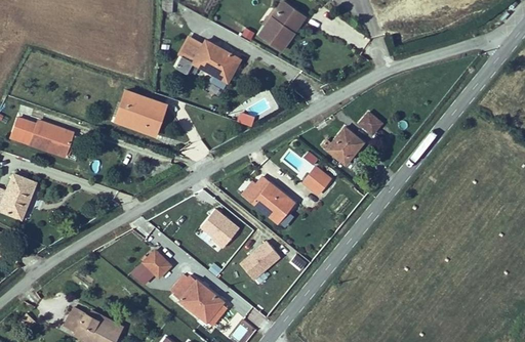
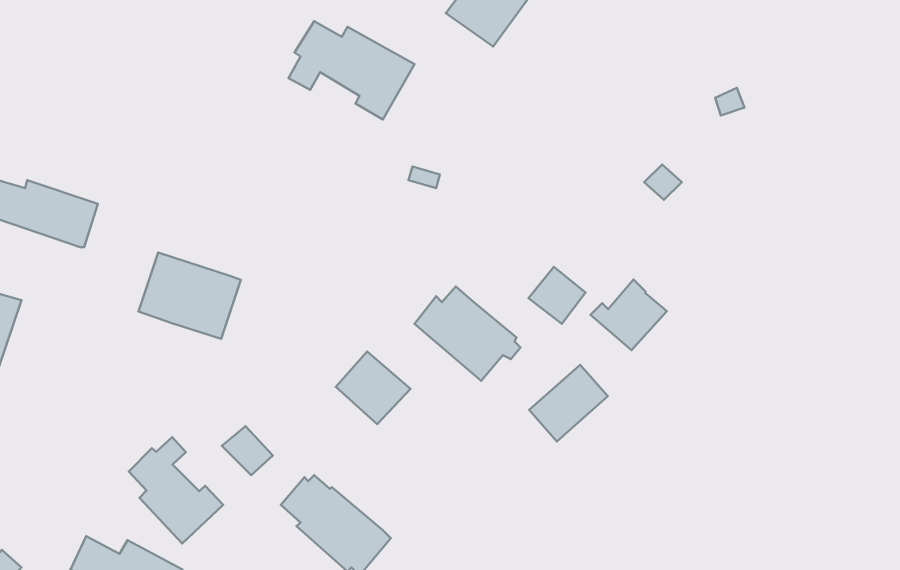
building: [113,91,166,136] -> [139,252,241,339]
building: [323,127,363,164] -> [590,280,667,350]
building: [239,241,280,281] -> [529,365,608,441]
building: none -> [129,437,223,544]

